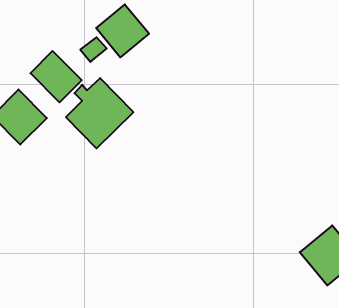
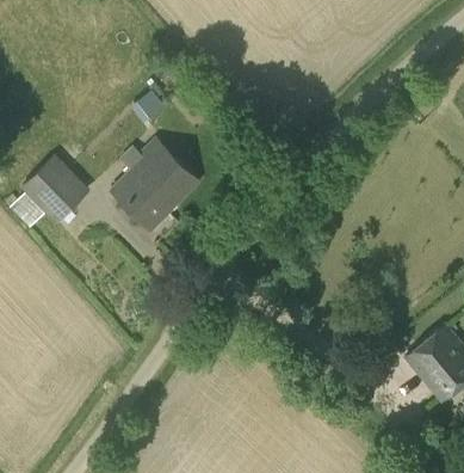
building: [96,4,149,57] -> none
building: [30,51,82,102] -> none

